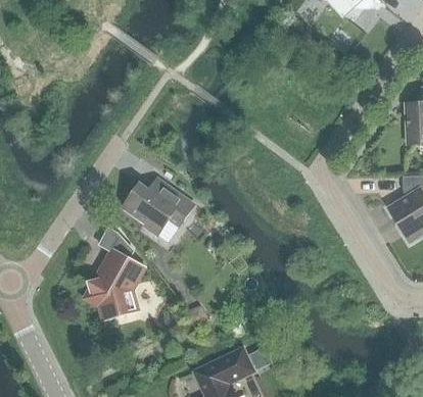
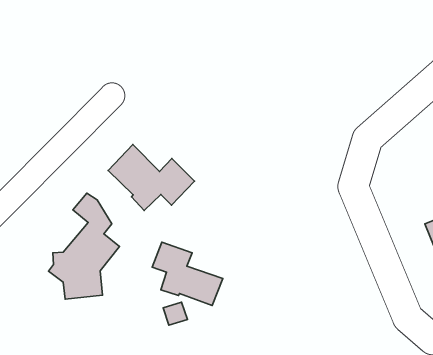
building: none -> [152,242,223,305]

